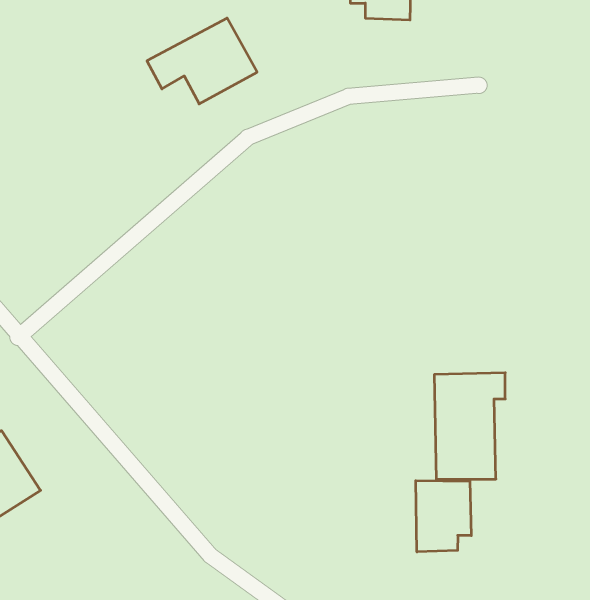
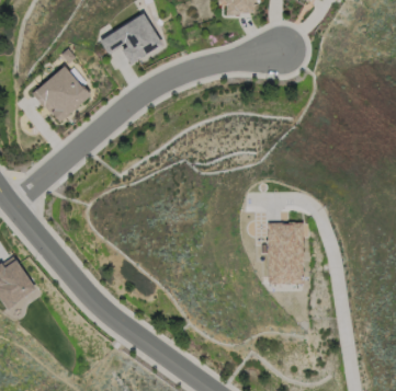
building: none -> [33,65,91,122]
building: [416,481,471,552] -> none

